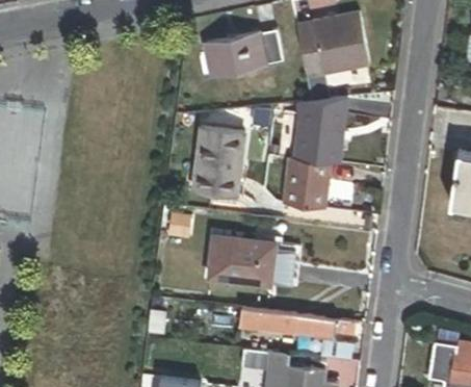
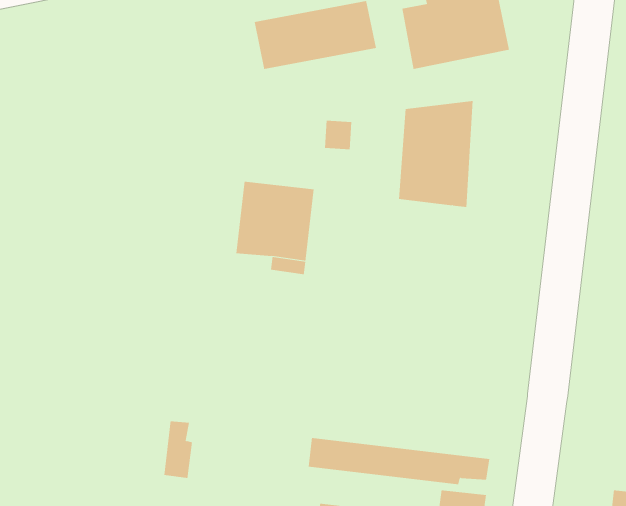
building: [199,126,246,152] -> none
building: [284,157,331,210] -> none
building: [208,237,277,286] -> none

